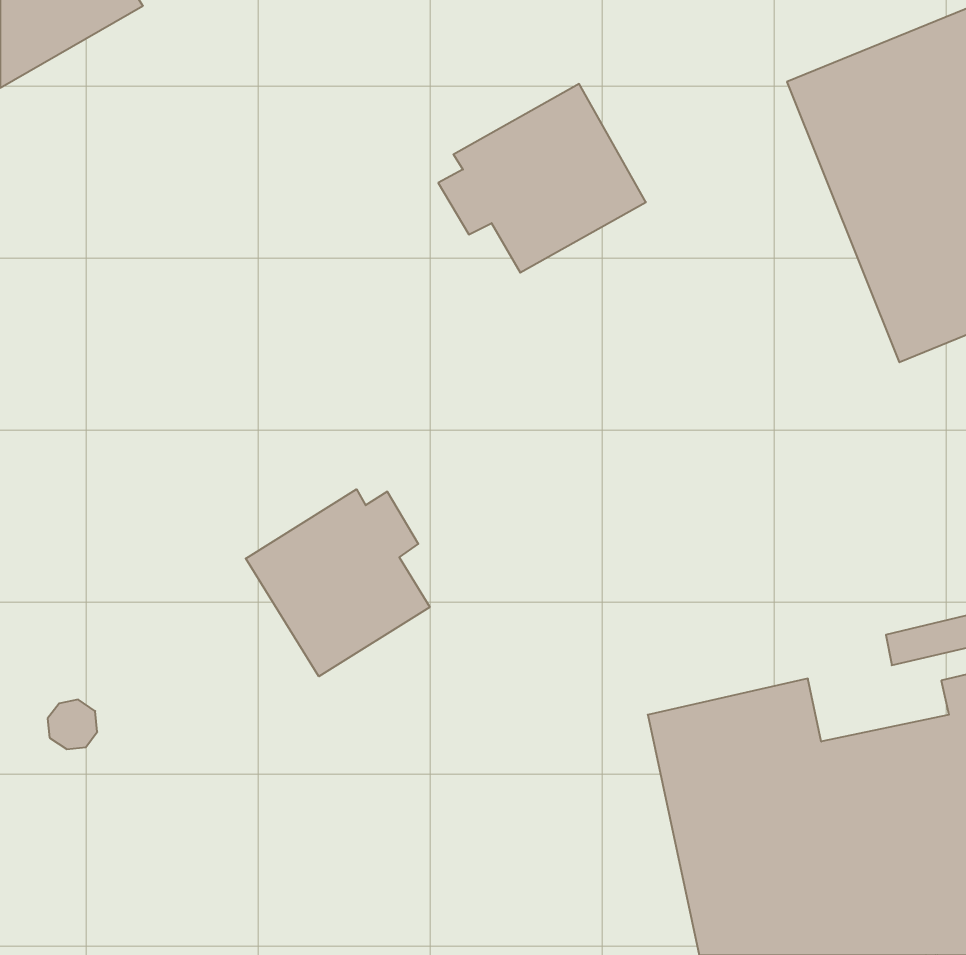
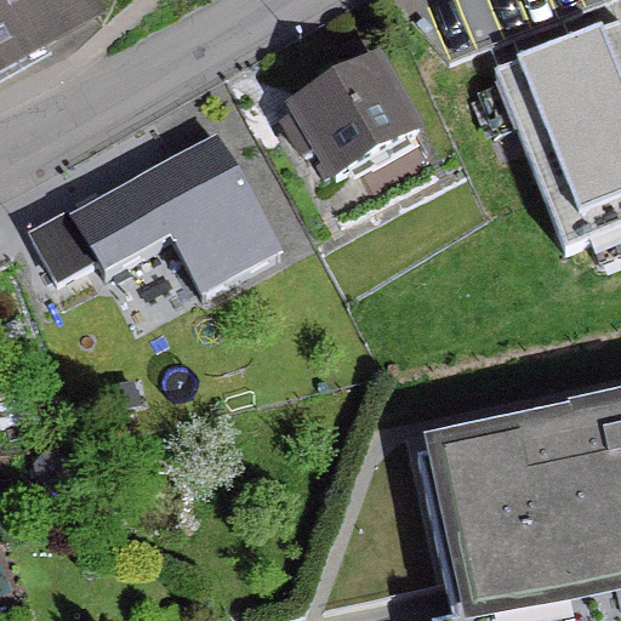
building: none -> [65,121,277,302]
building: [246,489,430,676] -> none

